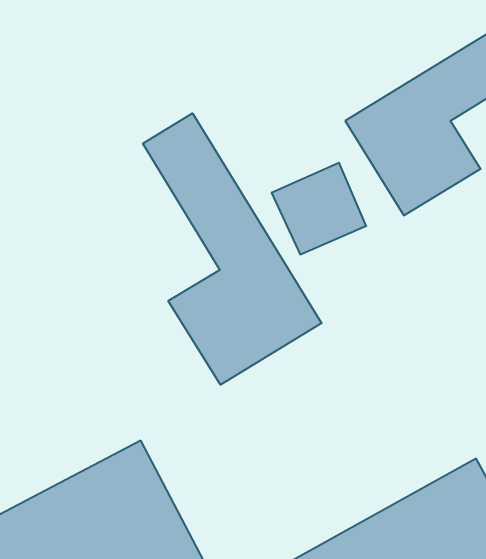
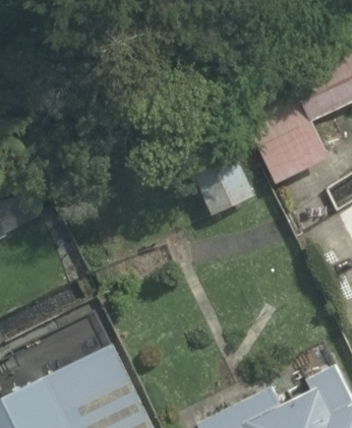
building: [143,113,322,385] -> none

